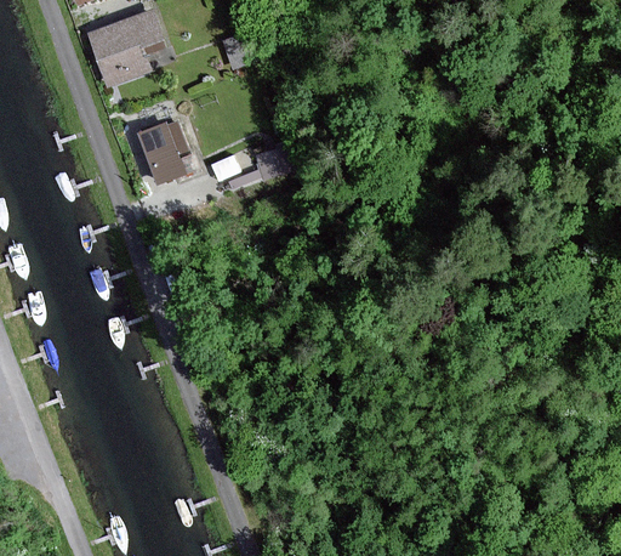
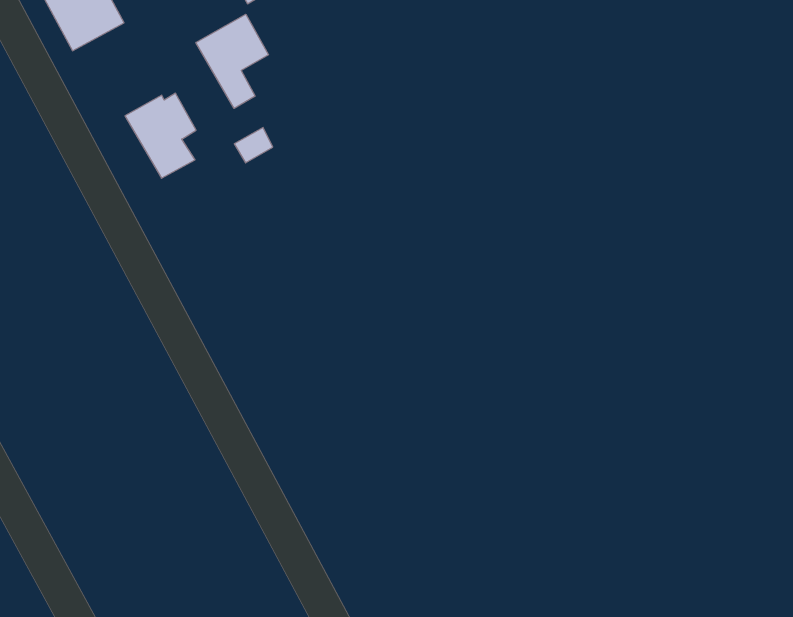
building: none -> [196,14,268,108]

